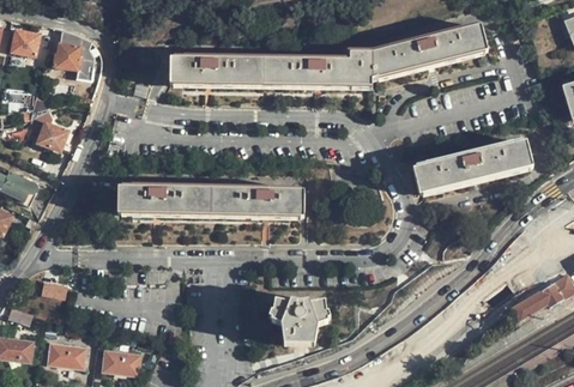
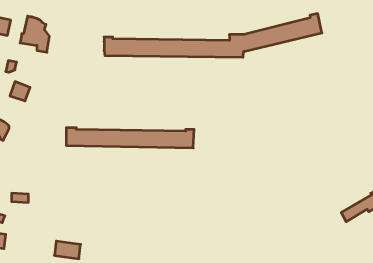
building: [416,141,528,192] -> none
building: [274,302,327,344] -> none
building: [49,343,86,368] -> none

